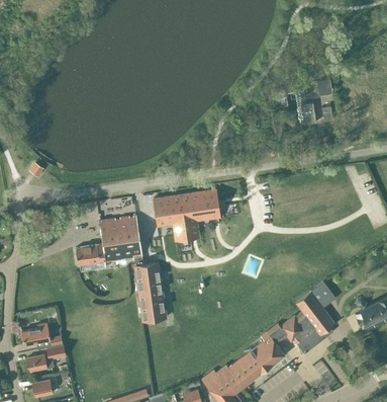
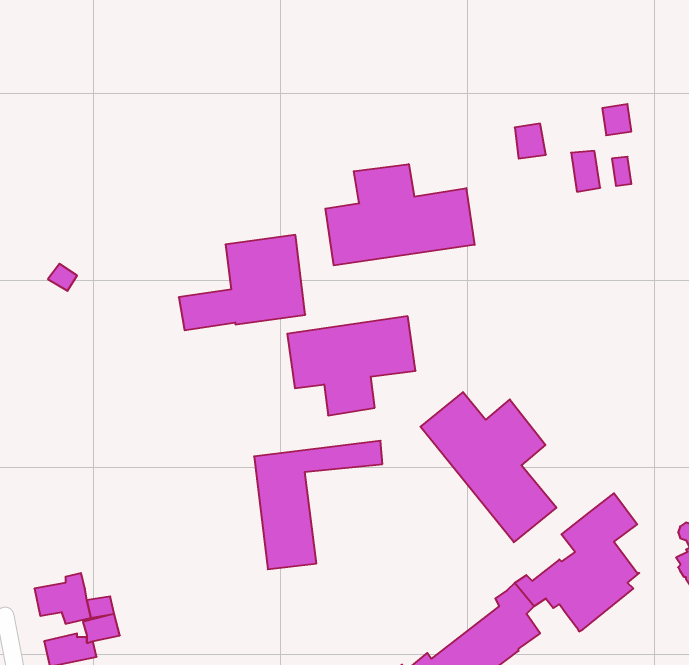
building: none -> [325,164,475,265]
building: [75,216,140,265] -> [179,235,305,330]
building: none -> [420,392,556,542]

